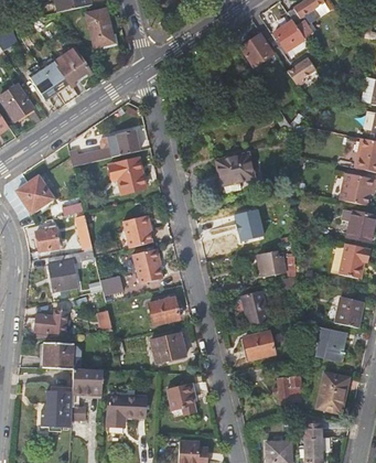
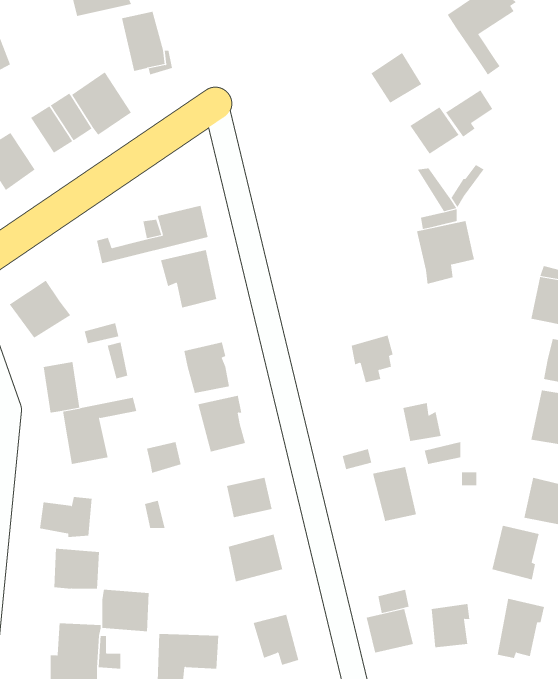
building: [275,20,305,50] -> [410,106,459,154]
building: [217,153,254,193] -> [416,220,475,285]
building: [245,332,275,359] -> [366,609,414,653]

